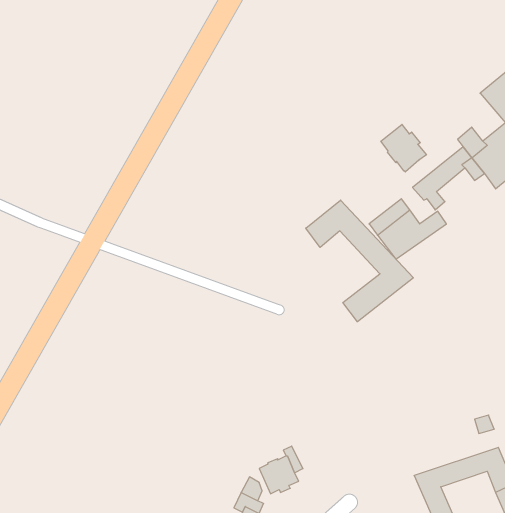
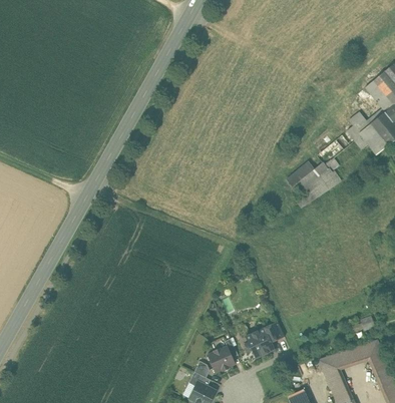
building: [381,124,426,172] -> none
building: [306,200,413,322] -> none
building: none -> [245,322,285,359]

